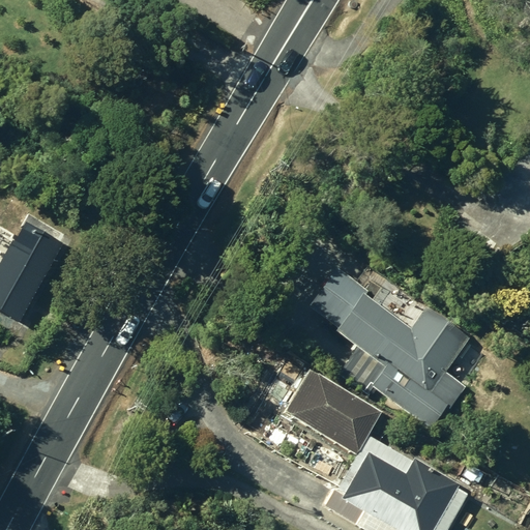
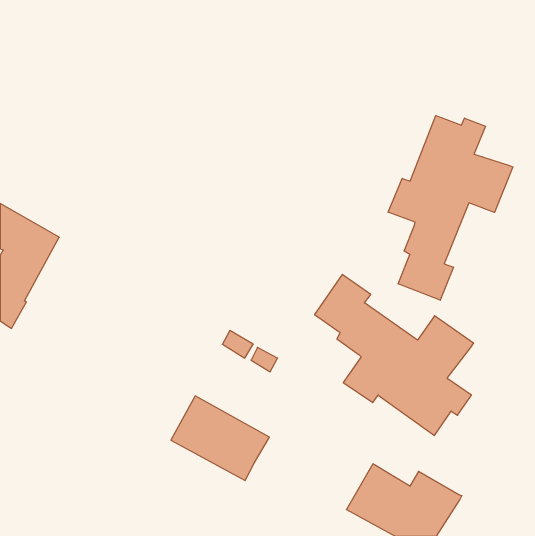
building: none -> [388,116,513,300]
building: [285,371,381,453] -> [171,396,269,481]

